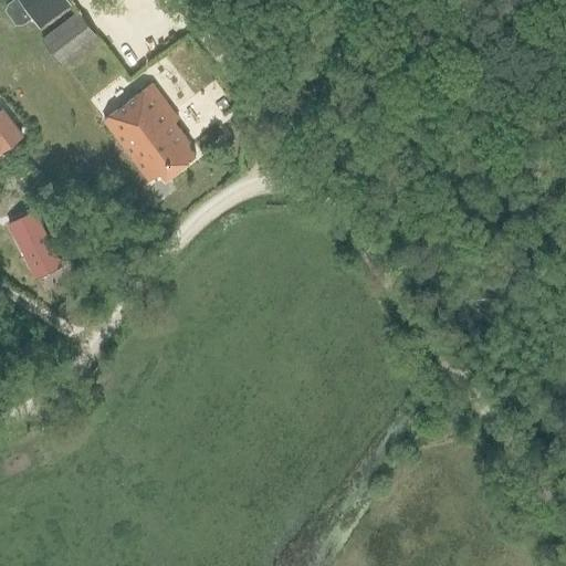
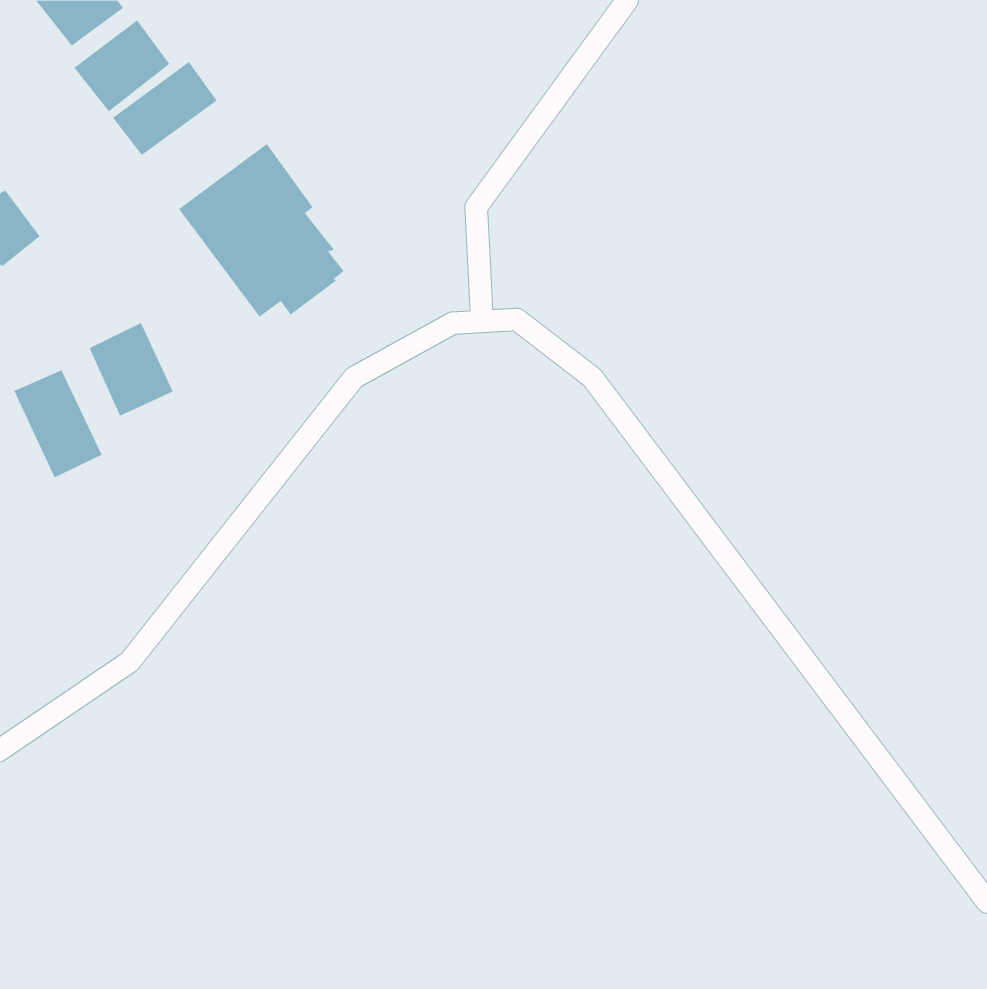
building: none -> [112,61,218,156]
building: none -> [89,322,174,416]

